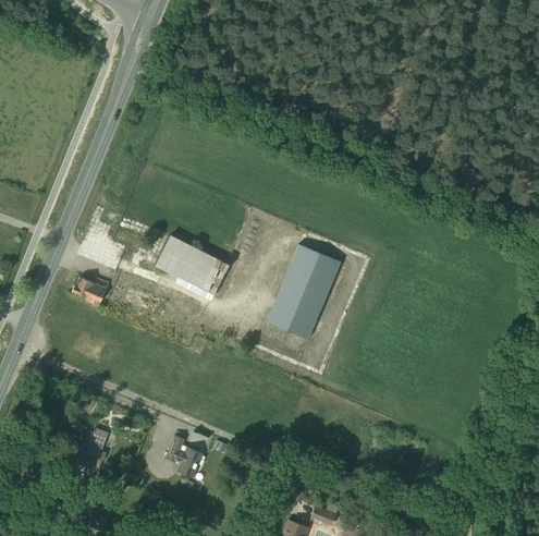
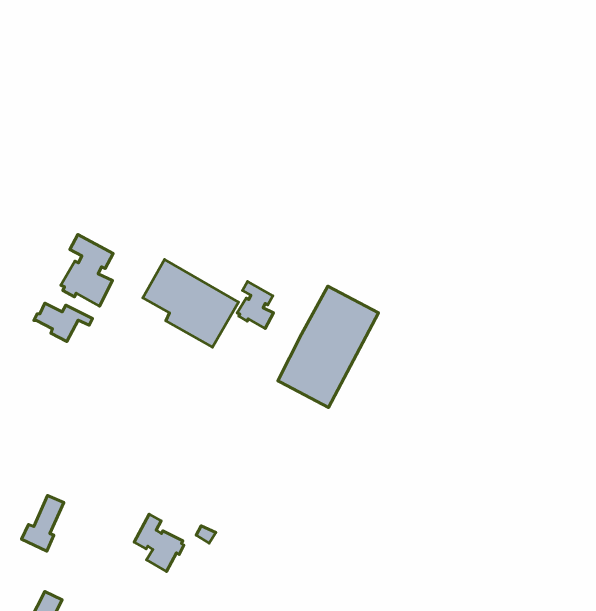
building: none -> [61,234,113,306]
building: none -> [237,281,273,328]

